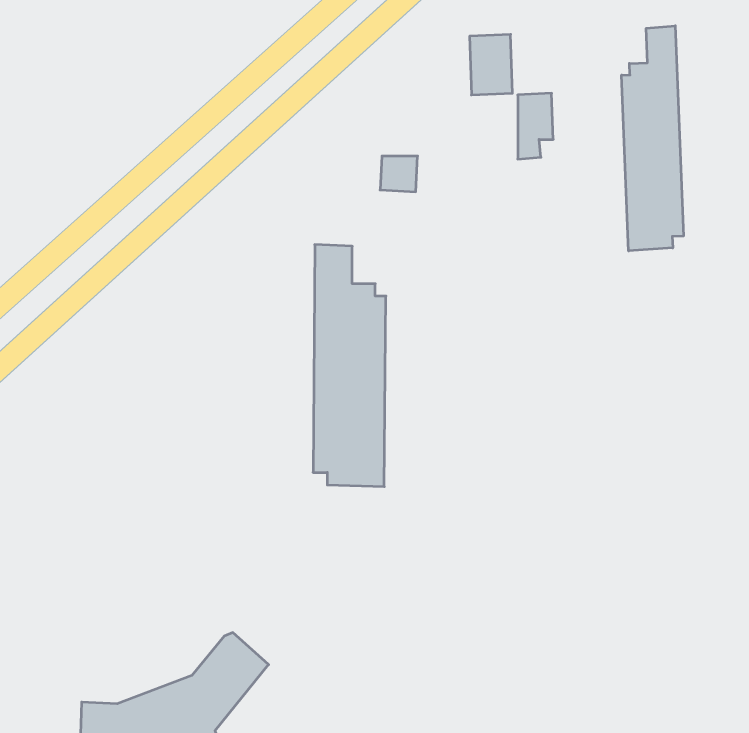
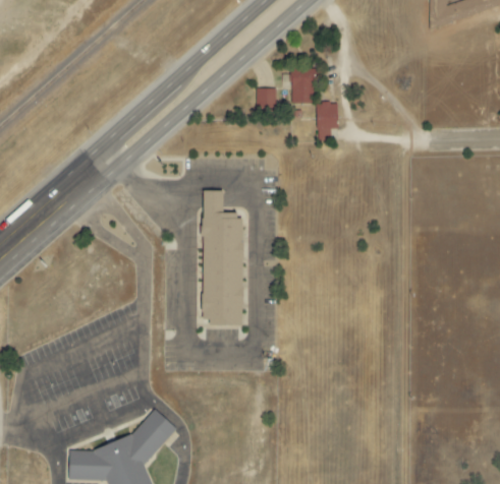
building: [622,26,683,251] -> none
building: [380,156,418,192] -> [257,87,278,108]

